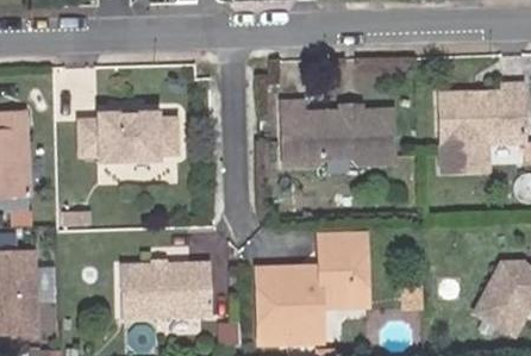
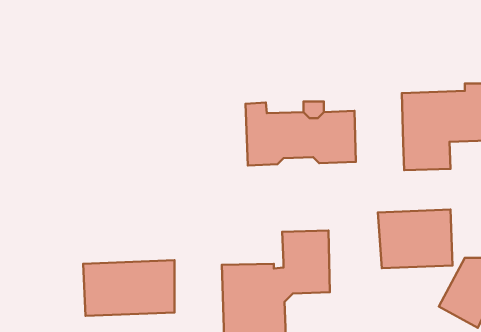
building: [85,118,182,167] -> none
building: none -> [378,209,453,268]

